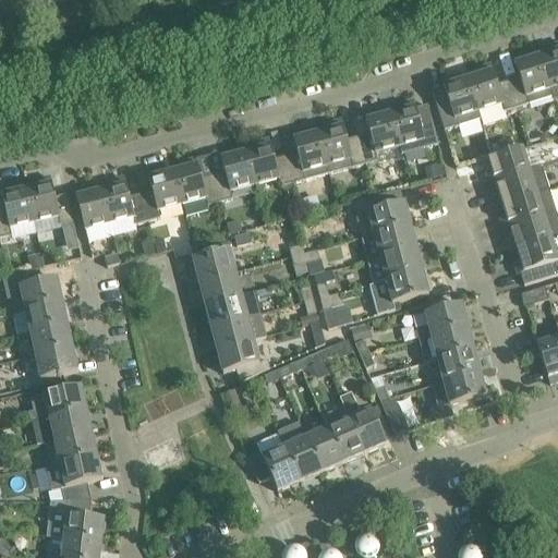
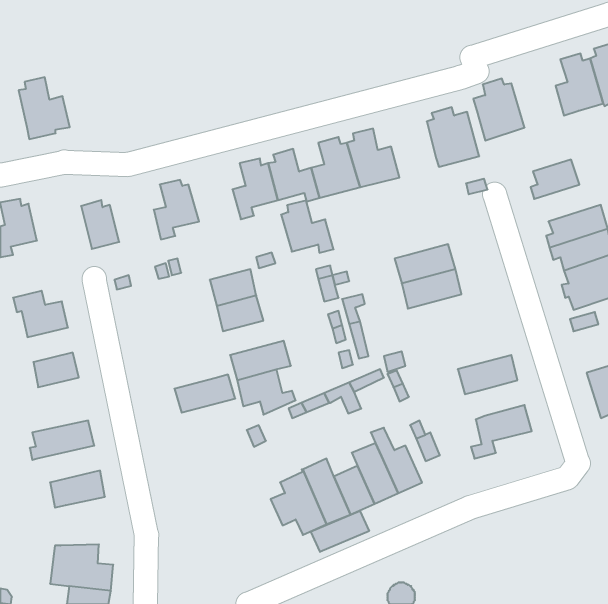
building: [469,62,517,109] -> none
building: [359,107,400,162] -> none
building: [173,156,221,204] -> [281,200,334,253]
building: [489,165,550,203] -> none
building: [27,174,74,231] -> [19,77,70,139]
building: [101,175,148,222] -> none
building: [361,191,411,233] -> none
building: [371,269,429,313] -> none
building: [205,290,260,325] -> [174,375,235,413]
building: [13,300,68,333] -> none
building: [413,302,469,338] -> none
building: [36,345,78,378] -> none
building: [438,348,481,380] -> none
building: [35,408,93,442] -> none
building: [47,454,102,499] -> none
building: none -> [311,511,369,552]

